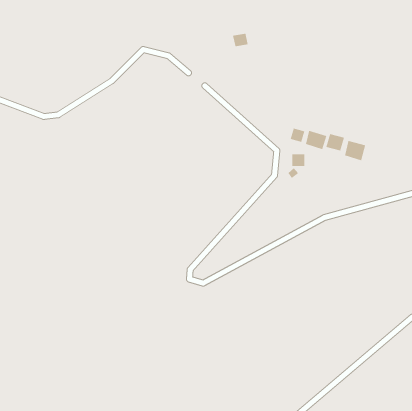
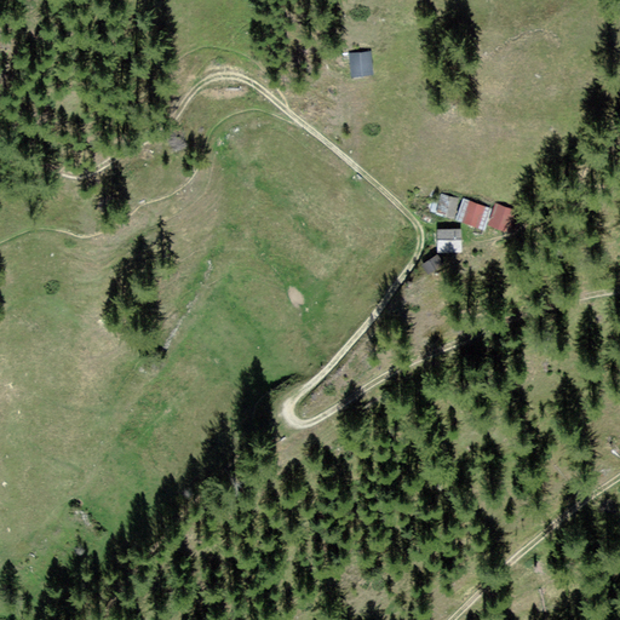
building: [344,140,366,161] -> none

